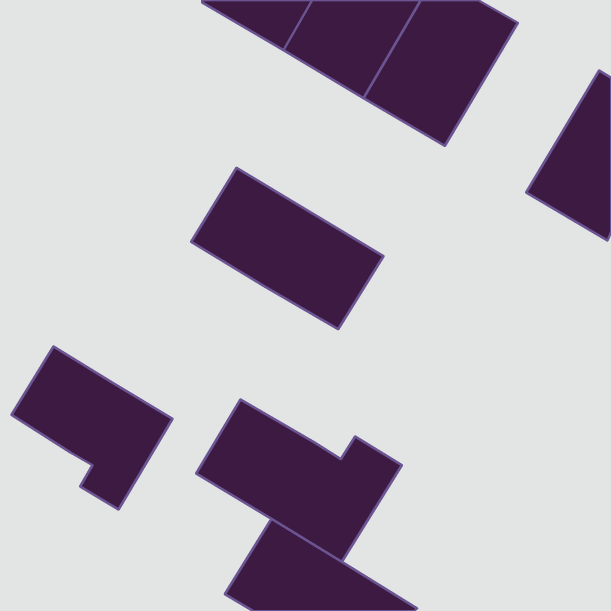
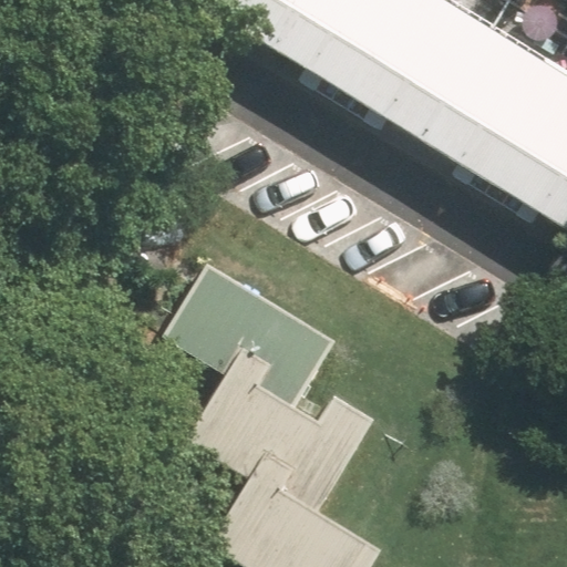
building: none -> [412,21,555,178]
building: [191,168,384,329] -> [155,260,333,410]
building: [11,347,173,510] -> none

